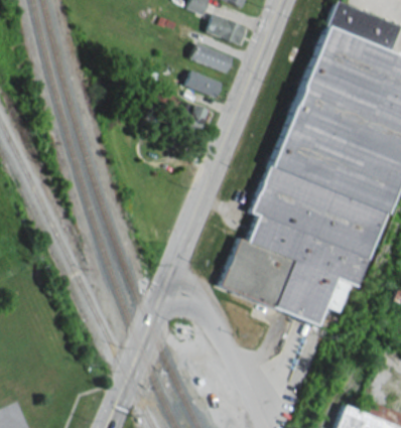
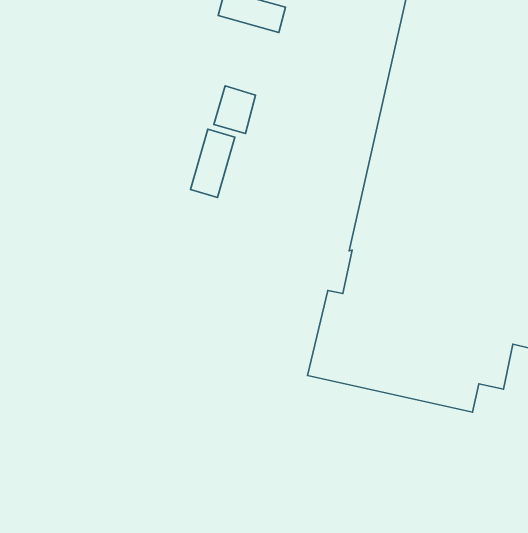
building: [186,70,224,98] -> none
building: none -> [191,129,235,197]

